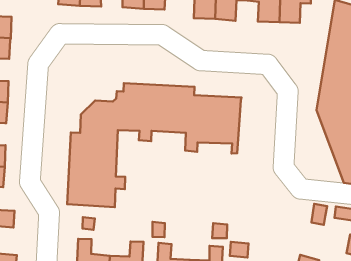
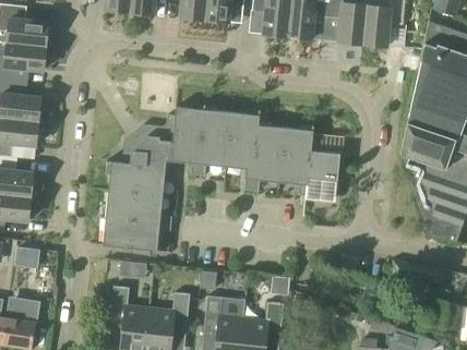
building: none -> [306,133,340,201]

